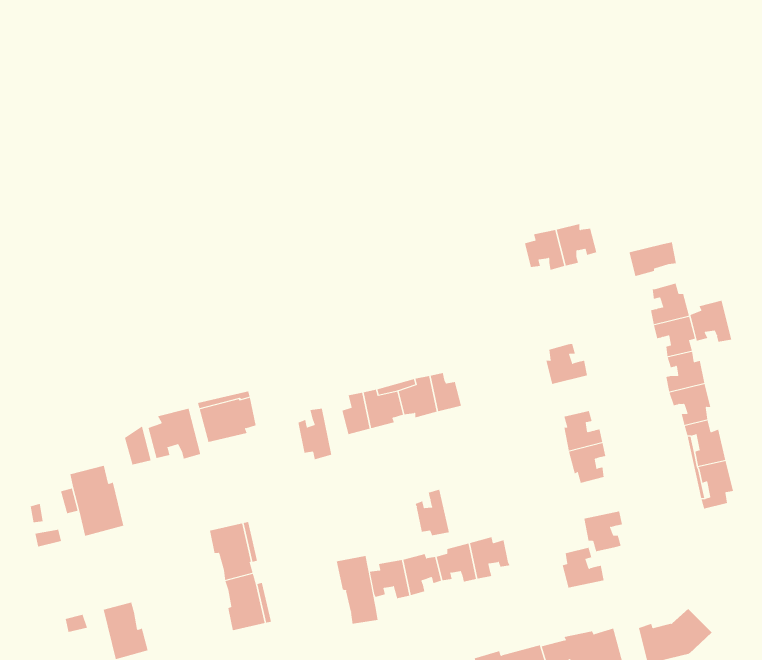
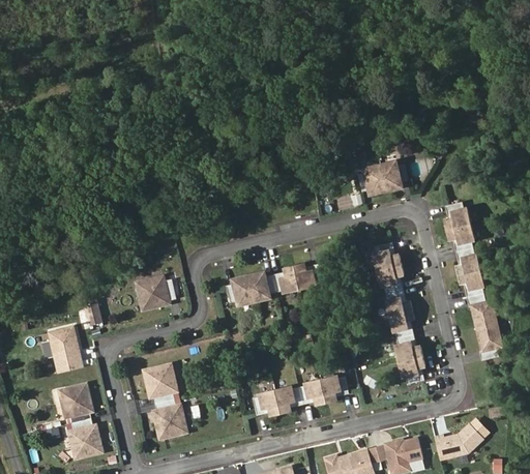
building: [629,242,677,277] -> none
building: [690,300,732,342] -> none
building: none -> [376,265,403,293]
building: [148,408,201,459] -> none
building: [298,408,332,460] -> none
building: [415,489,449,536] -> none
building: [562,547,604,588] -> [393,334,422,362]
building: none -> [58,385,90,424]
building: [336,555,378,624] -> none

